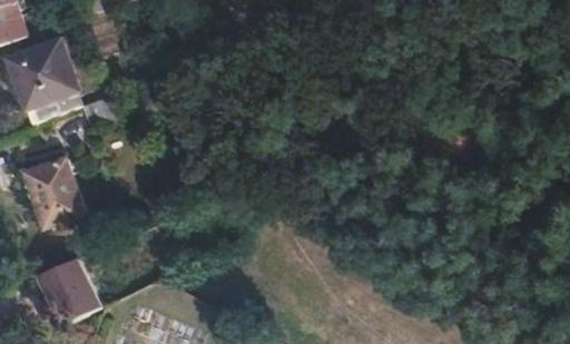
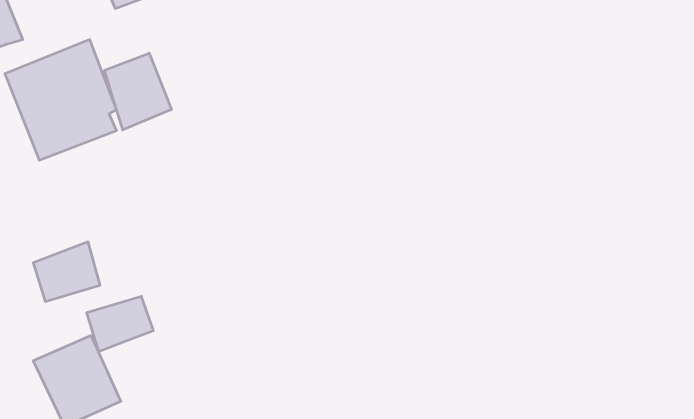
building: none -> [105,53,171,130]
building: [22,157,72,198] -> [87,296,153,351]

